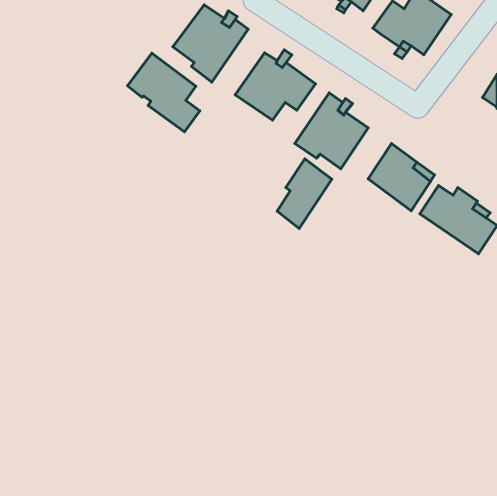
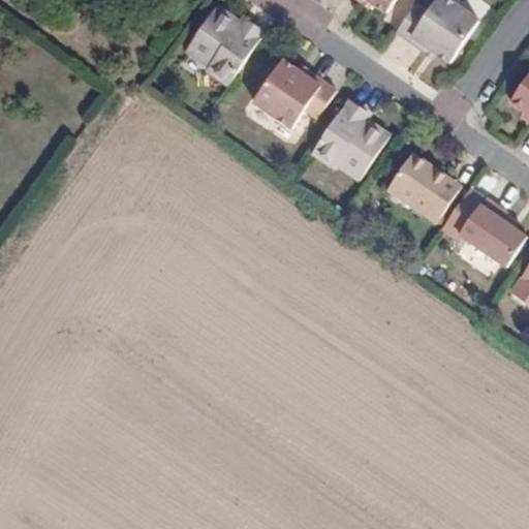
building: [127,53,200,132] -> none
building: [277,159,332,228] -> none

